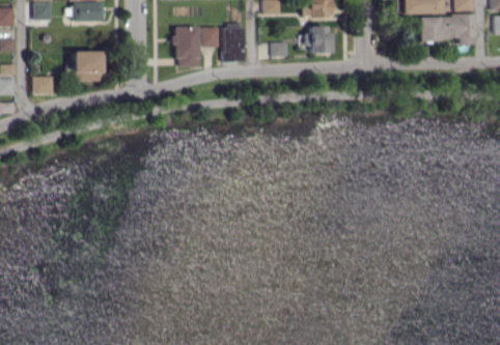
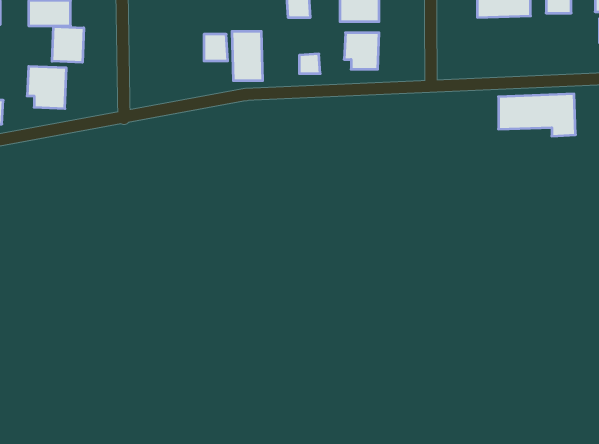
building: [419,15,476,46] -> [498,94,576,136]
building: none -> [52,27,84,62]
building: [175,27,200,67] -> none

